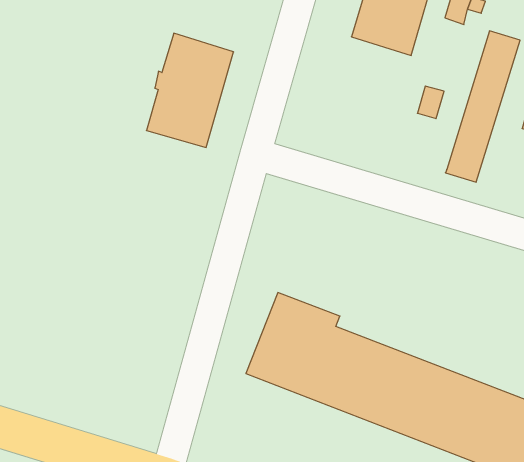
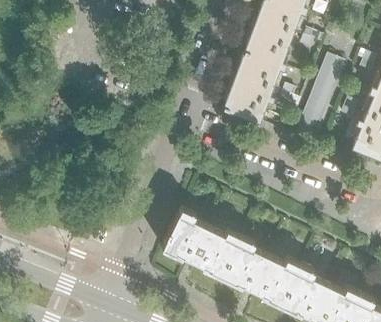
building: [146,33,234,147] -> [222,56,278,126]

